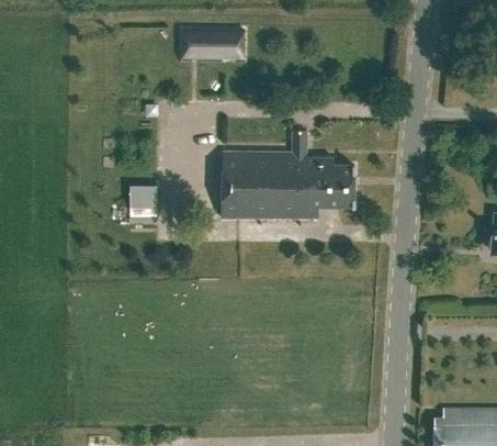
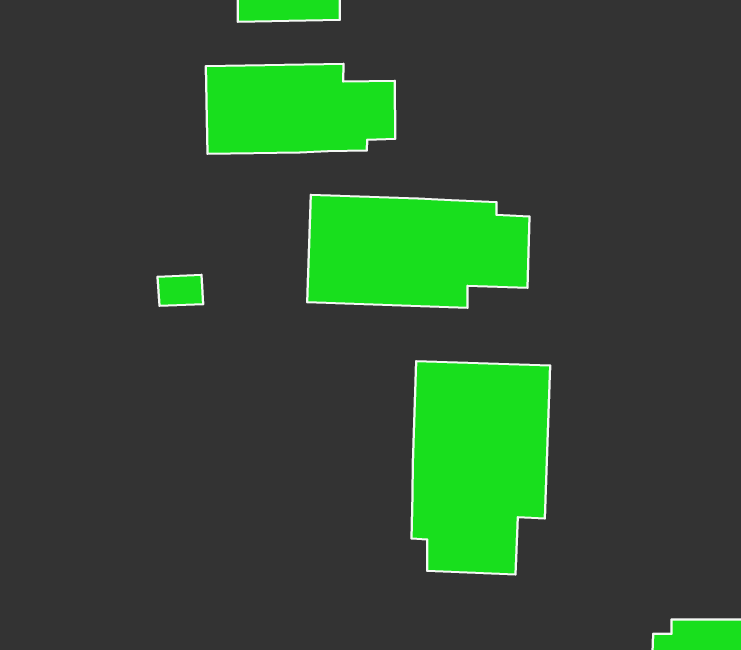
building: none -> [206,64,395,154]
building: none -> [411,361,550,574]

